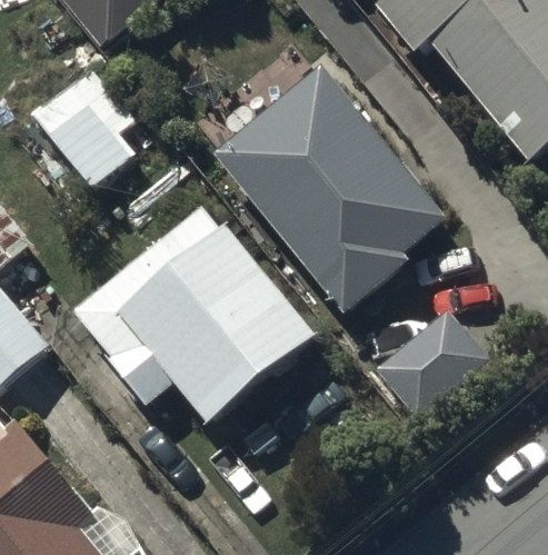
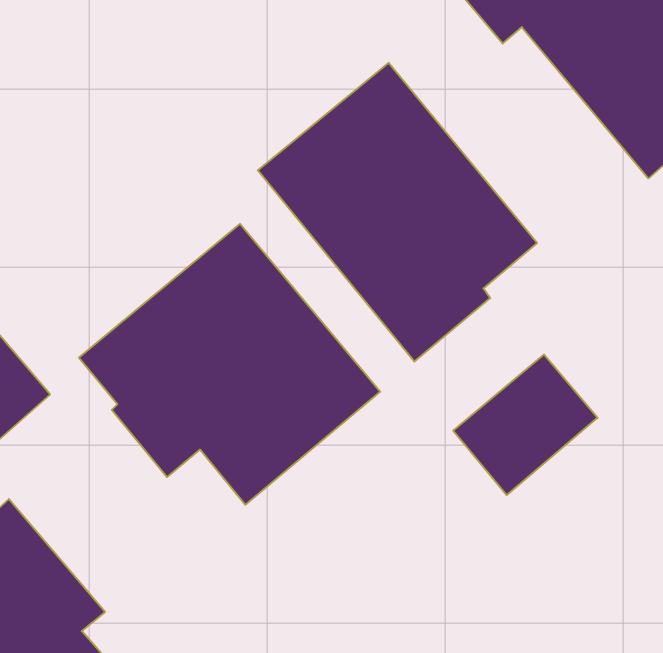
building: [30,63,136,188] -> none

